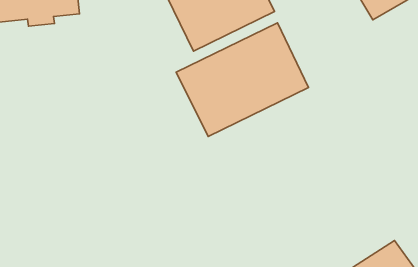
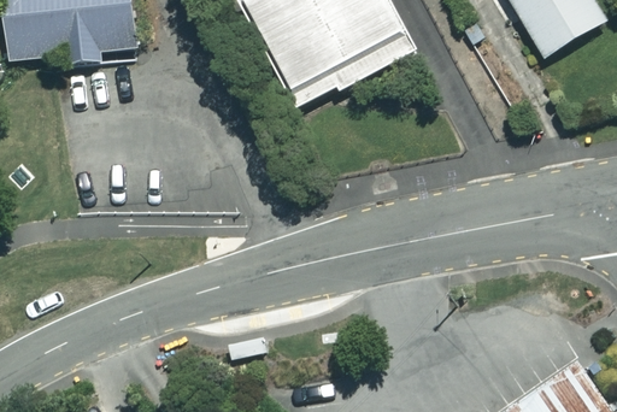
building: [176,23,309,137] -> none

